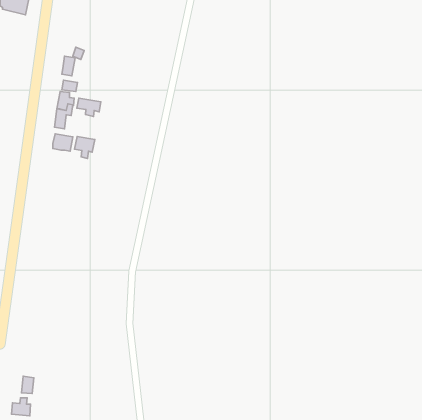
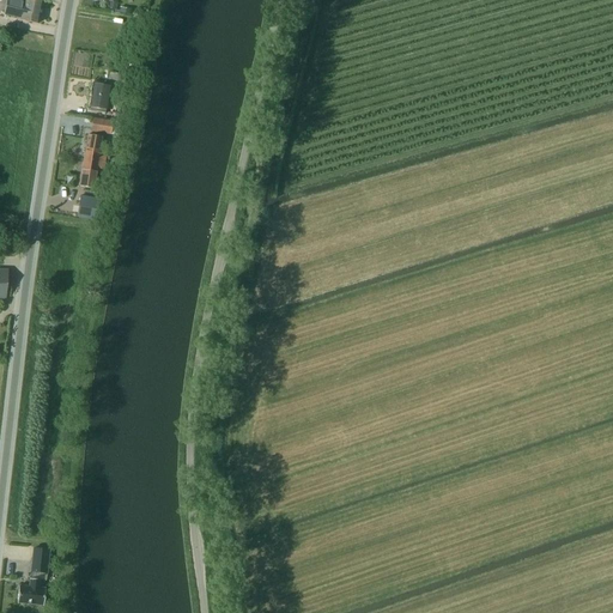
building: [77,98,101,116] -> none
building: [75,137,95,159] -> none

